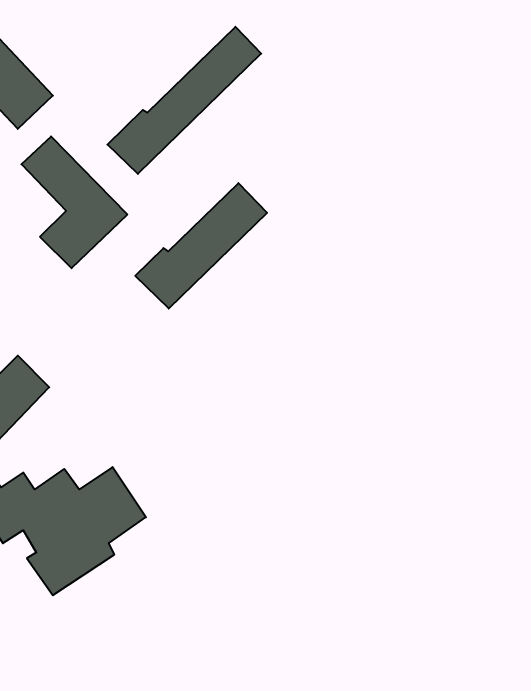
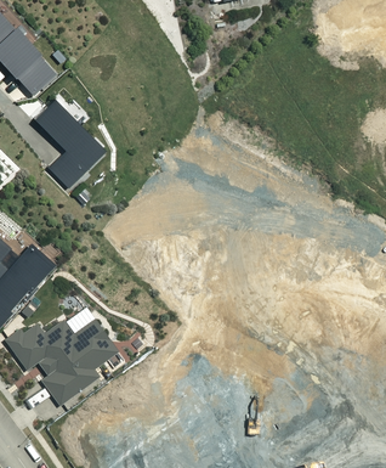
building: [107,27,261,174] -> none
building: [135,183,267,309] -> none

